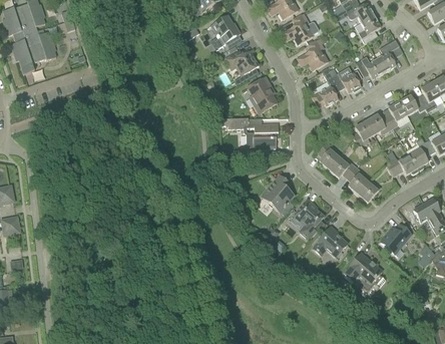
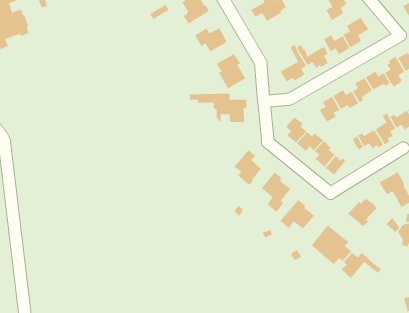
building: [297,35,329,69] -> none
building: none -> [341,252,382,279]

